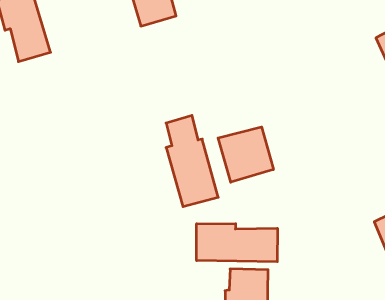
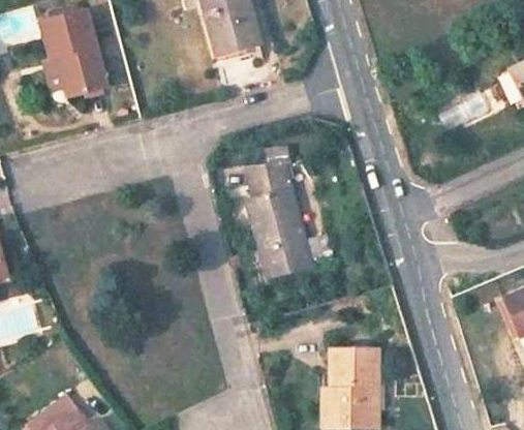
building: [218,127,273,182] -> none
building: [197,224,277,262] -> none

